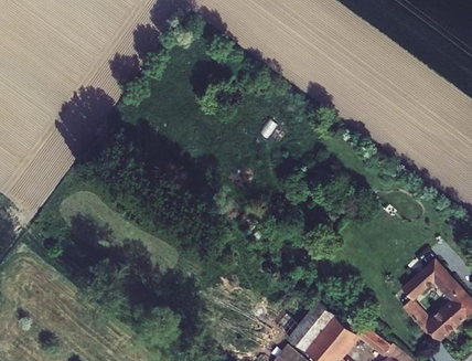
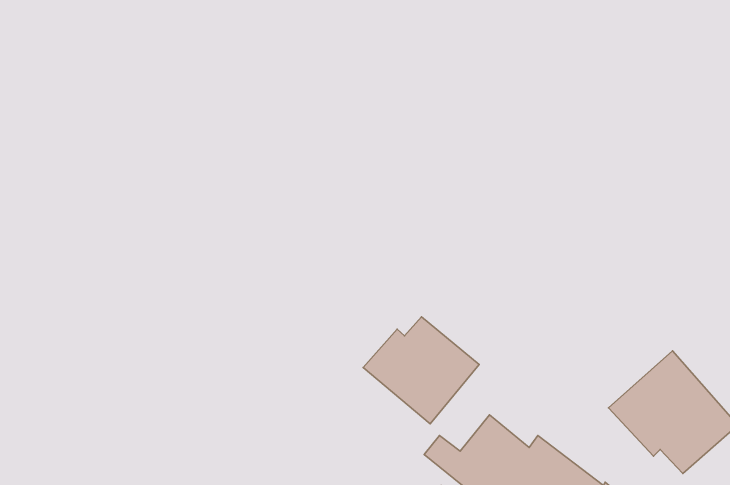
building: none -> [363,317,479,424]

